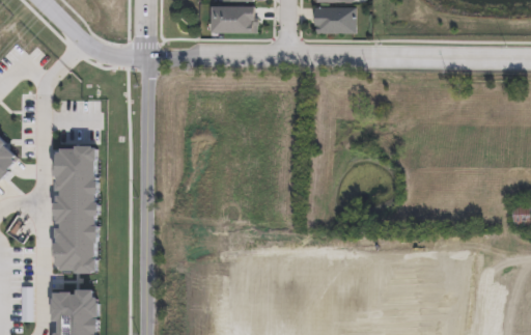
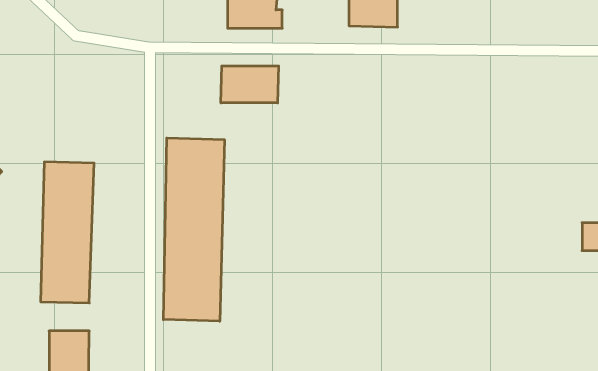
building: none -> [221,66,279,103]
building: none -> [163,138,224,321]

